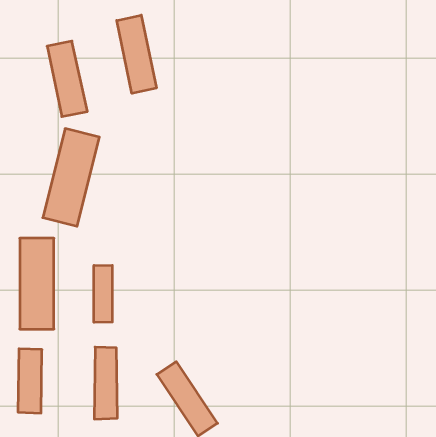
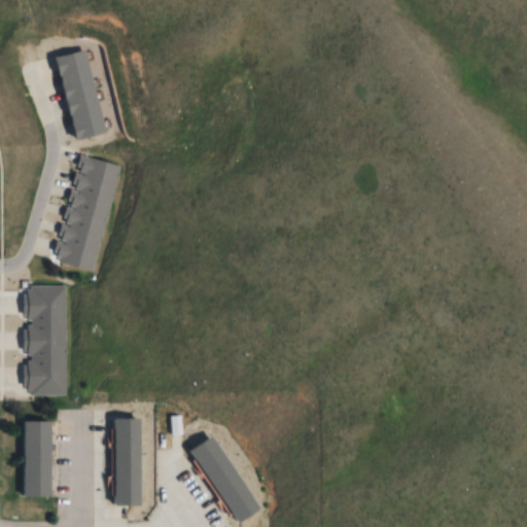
building: [117,15,156,93] -> none
building: [94,265,112,322] -> none

